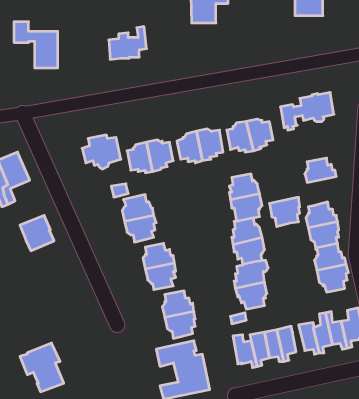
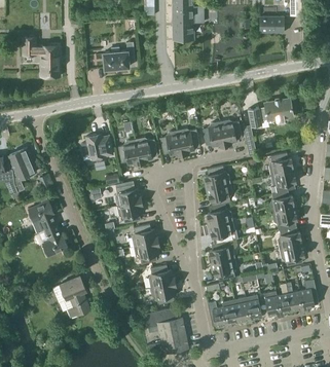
building: [269,197,300,227] -> [270,168,296,192]
building: none -> [37,222,68,256]
building: [20,343,64,392] -> [52,276,89,317]

